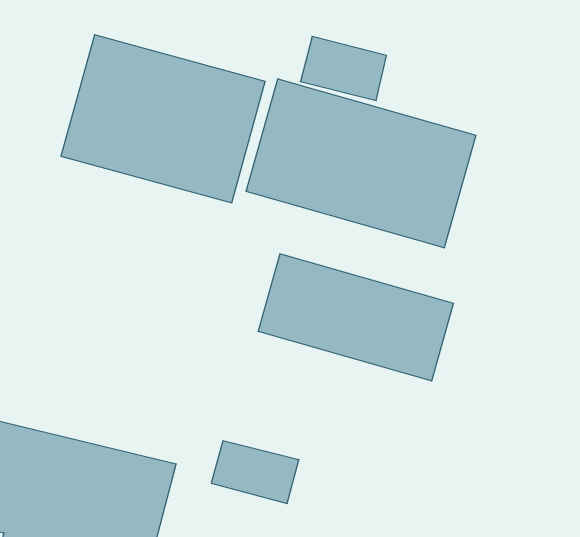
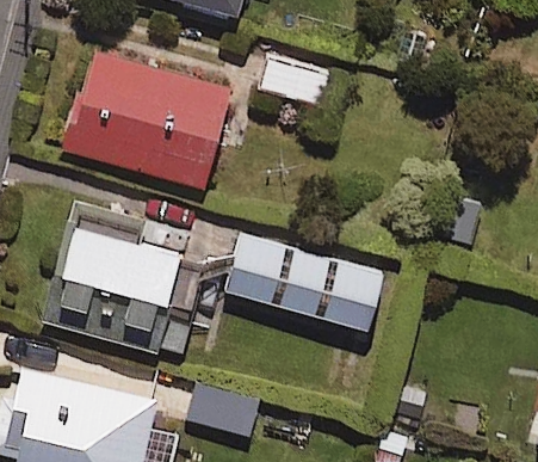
building: [246,79,476,248] -> none
building: none -> [45,202,210,362]

